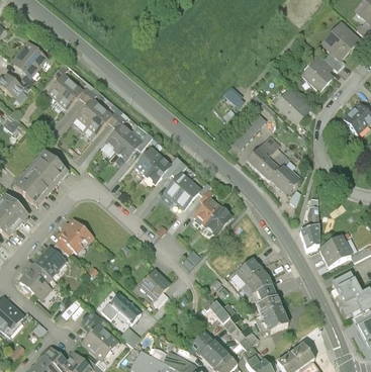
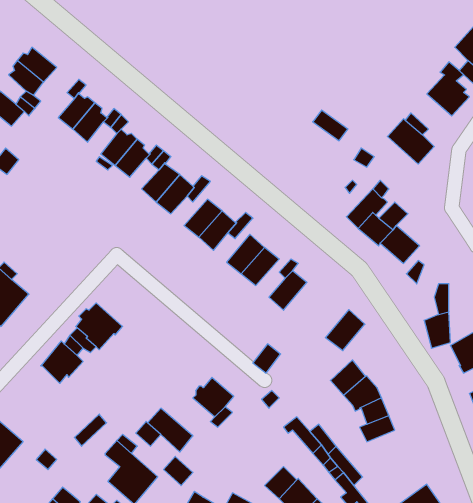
building: [14,151,68,205] -> none
building: [203,205,230,234] -> [325,310,365,351]
building: [19,263,51,295] -> none
building: [260,307,287,334] -> none

